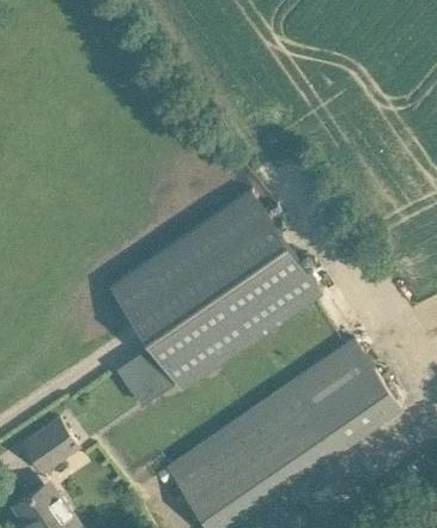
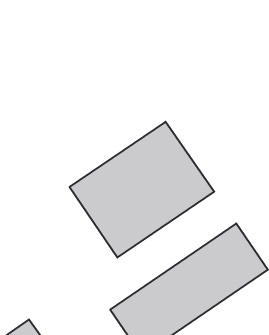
building: [115,351,168,403] -> none
building: [22,419,78,474] -> none

